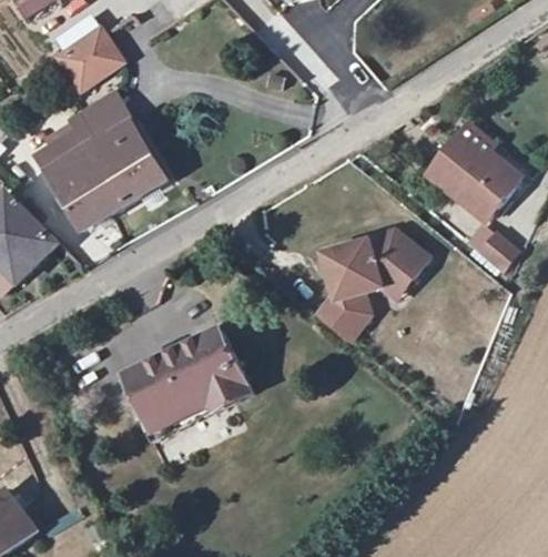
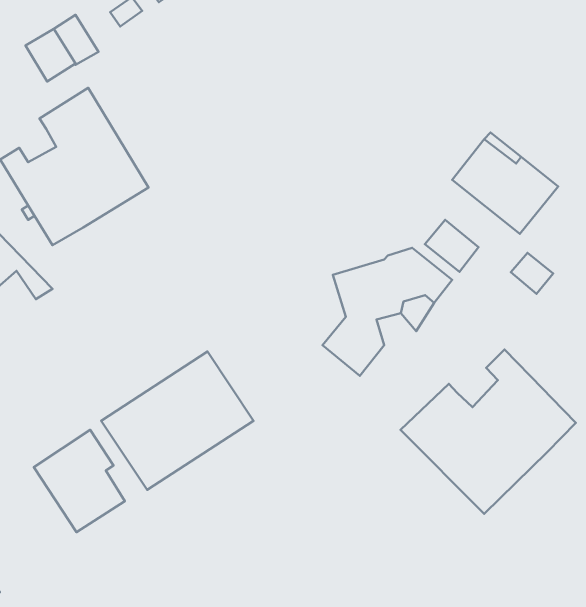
building: none -> [425,220,479,272]
building: none -> [401,350,576,514]
building: none -> [34,430,125,532]

